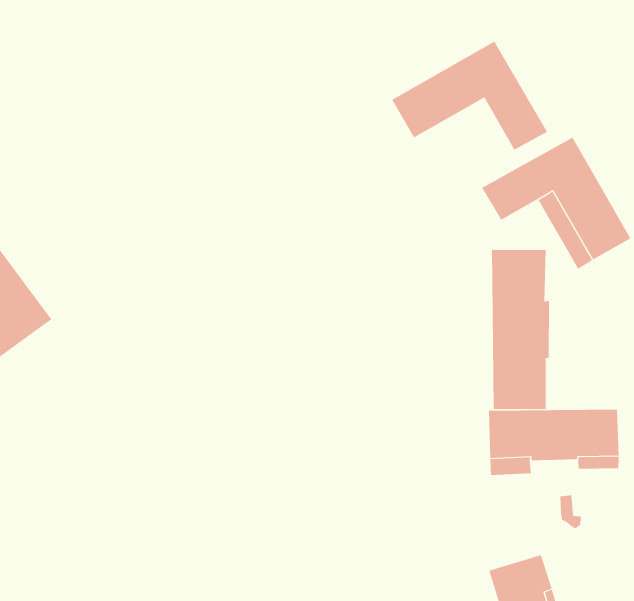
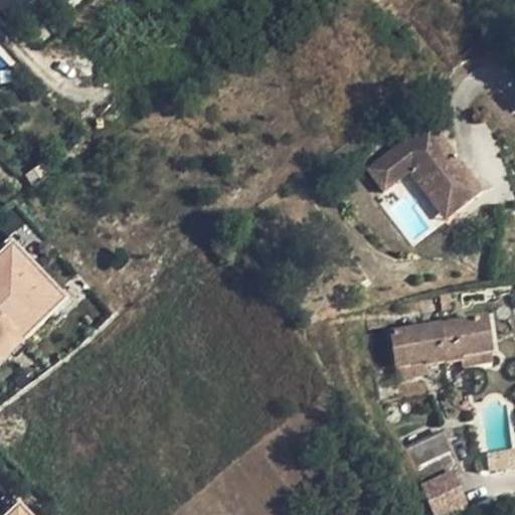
building: [391,41,548,151] -> none
building: [492,249,550,410] -> none

